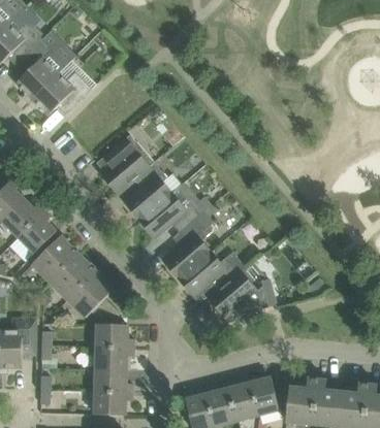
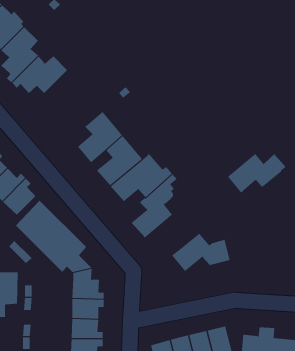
building: [179,252,246,297] -> [227,153,287,193]

